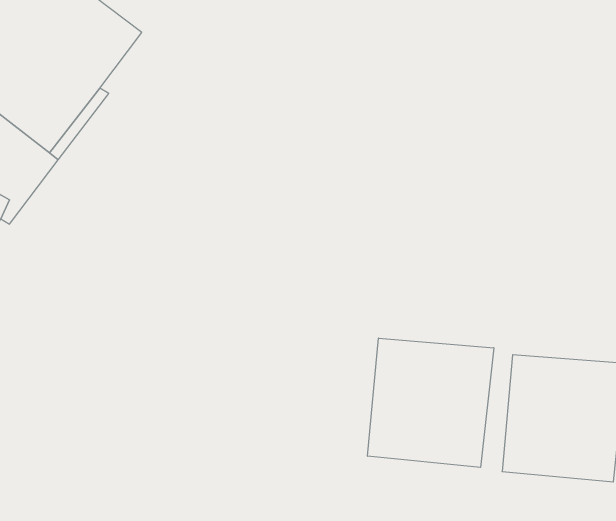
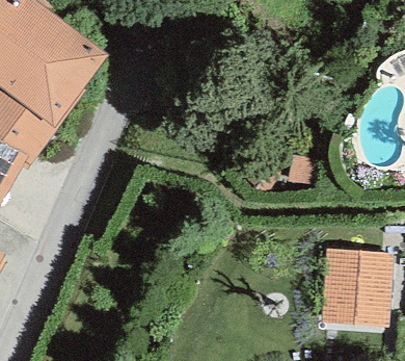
building: [368,338,494,467] -> none

